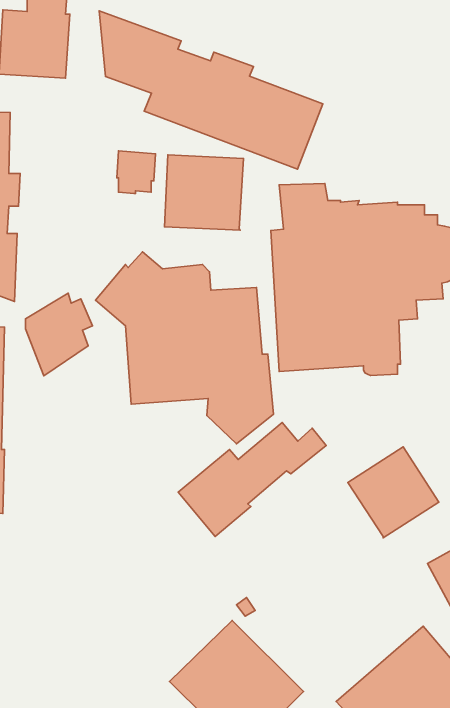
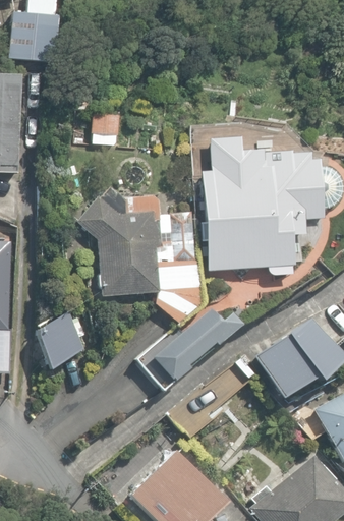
building: [99,11,323,169] -> none
building: [165,155,243,230] -> none
building: [25,293,92,376] -> [39,310,87,369]

